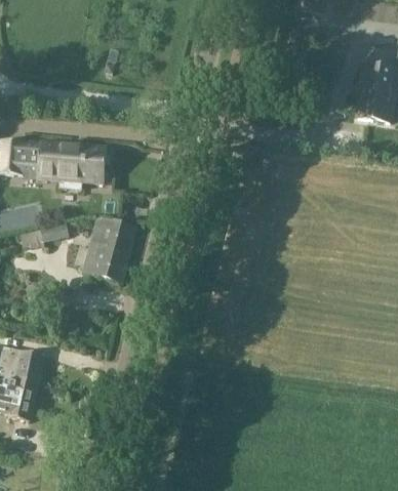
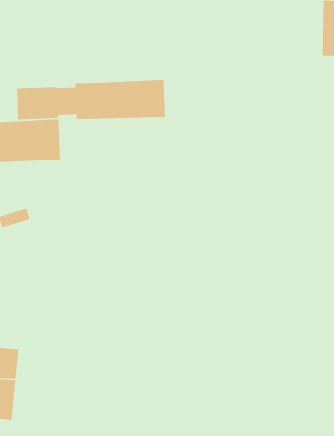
building: none -> [15,79,166,120]
building: [83,214,137,281] -> none

